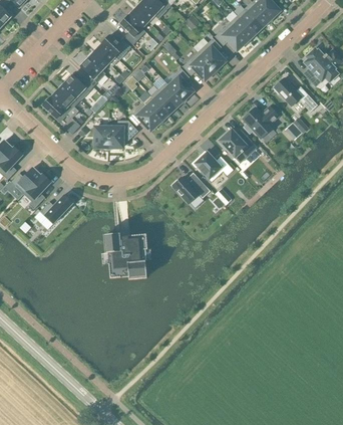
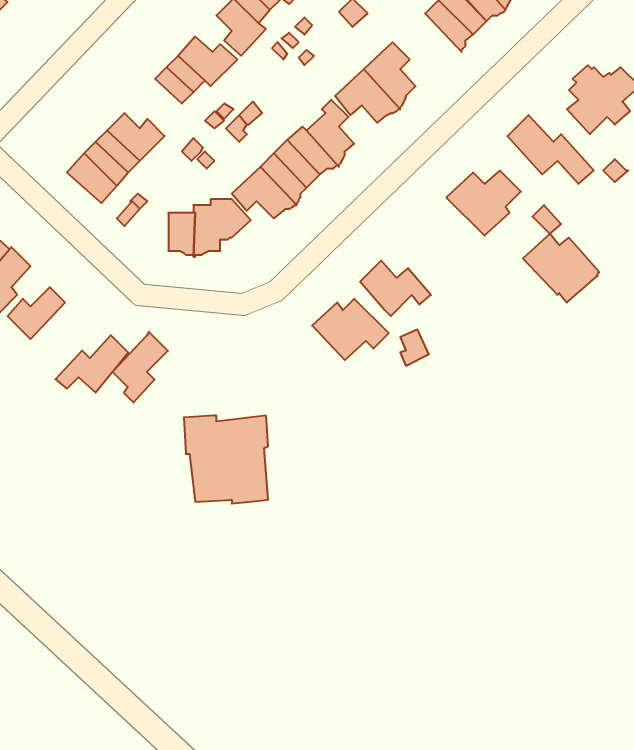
building: [215,22,249,49] -> none
building: [80,56,106,86] -> none
building: [217,127,257,163] -> [523,234,599,303]
building: [23,172,52,209] -> [112,332,168,403]

